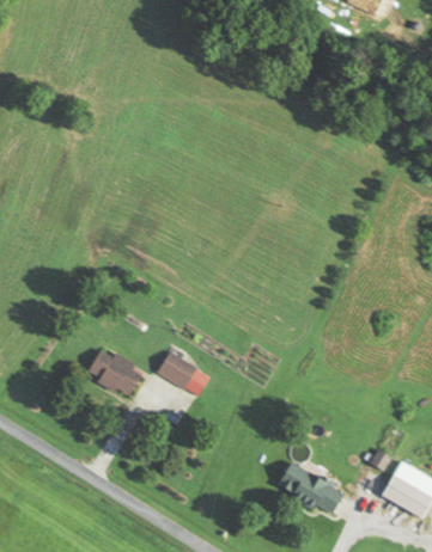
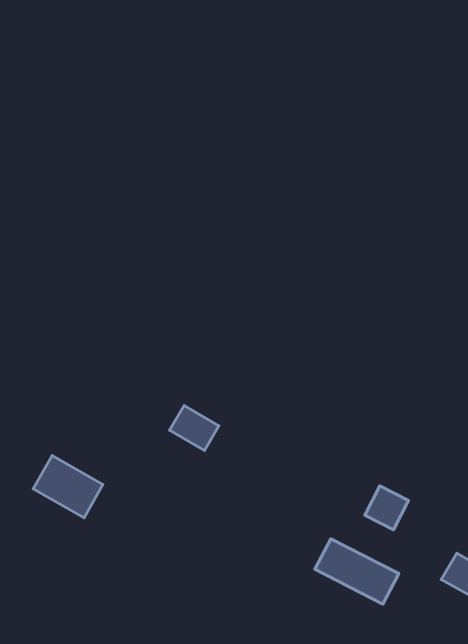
building: [86,346,144,398] -> [33,455,103,518]
building: none -> [365,486,409,530]

